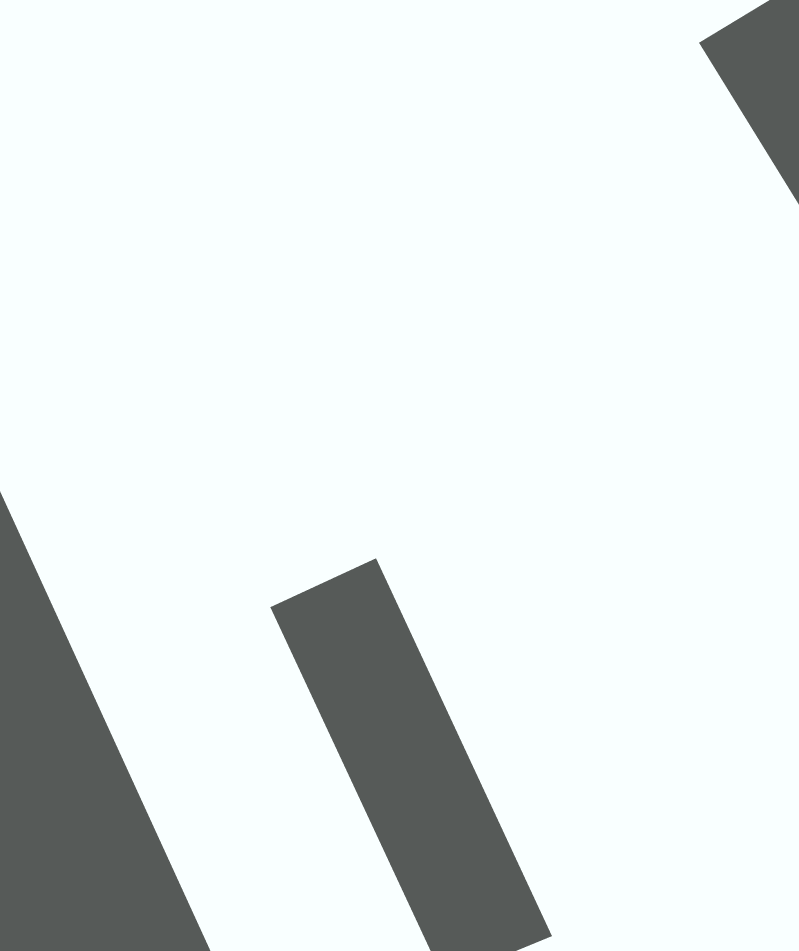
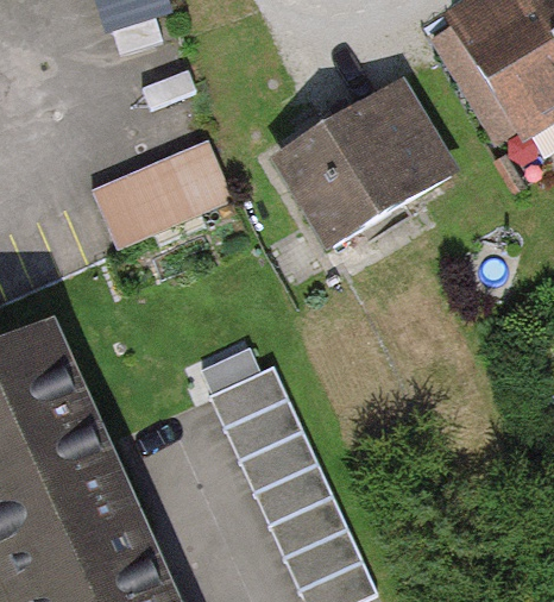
building: none -> [279,89,453,249]
building: none -> [103,144,231,245]

